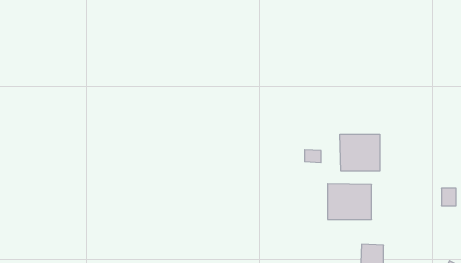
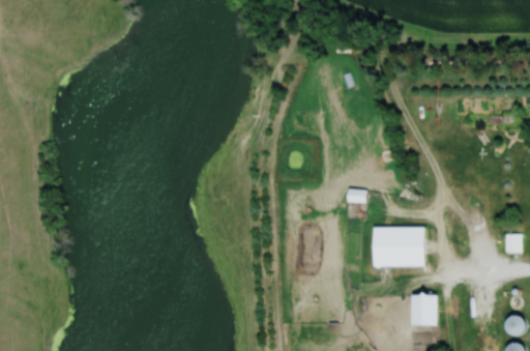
building: [340,134,380,171] -> none

